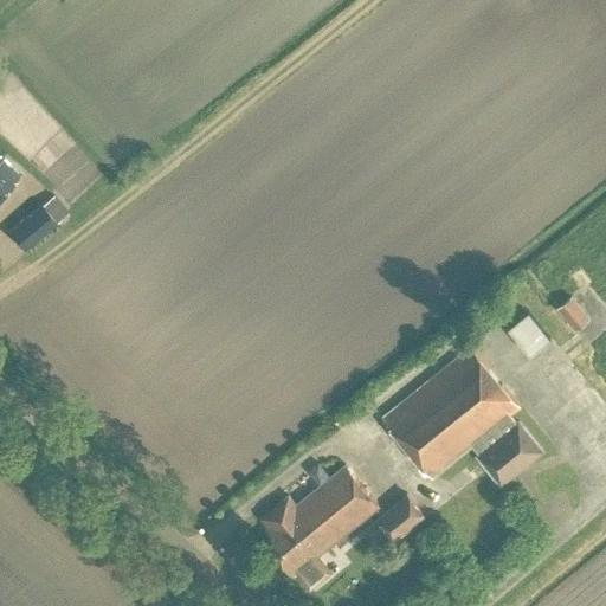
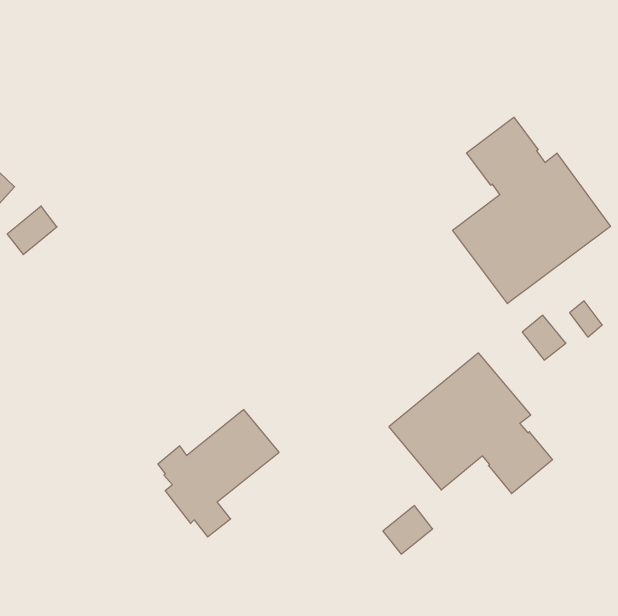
building: none -> [453,117,611,304]
building: [260,465,379,589] -> [158,410,279,537]

